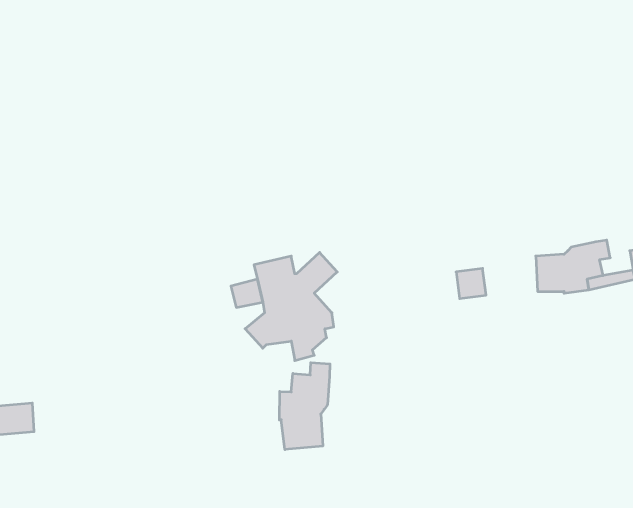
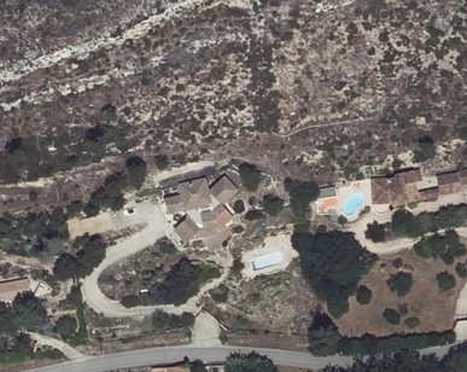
building: [279,363,330,450] -> none

